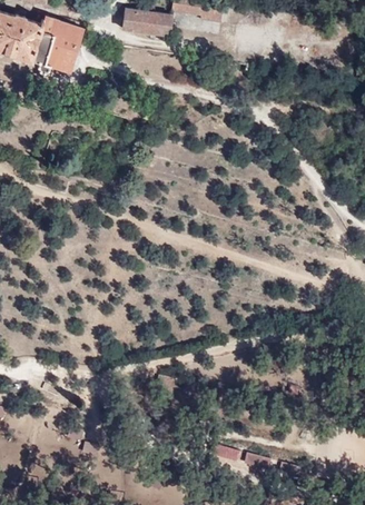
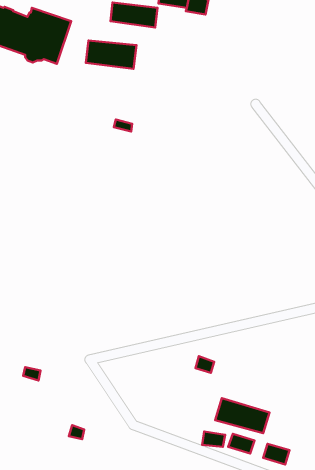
building: none -> [86,41,137,69]
building: none -> [215,398,269,433]

